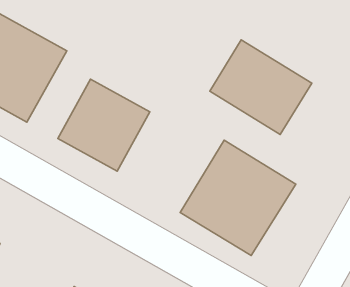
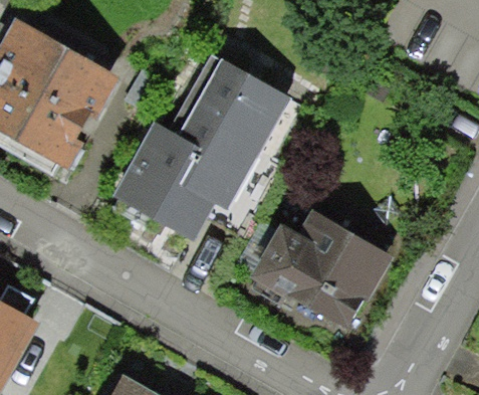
building: none -> [163,42,281,167]
building: [210,40,312,134] -> none

